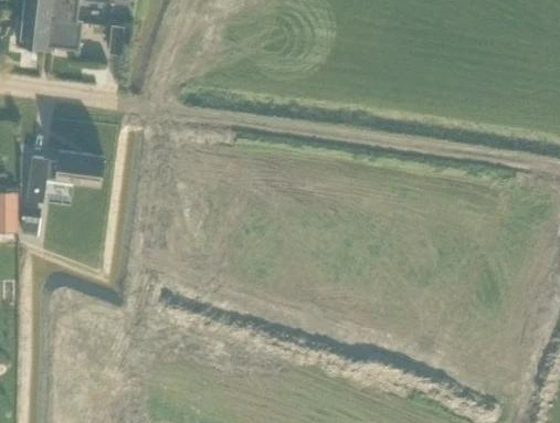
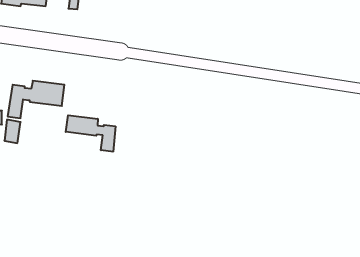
building: none -> [66,115,115,152]

